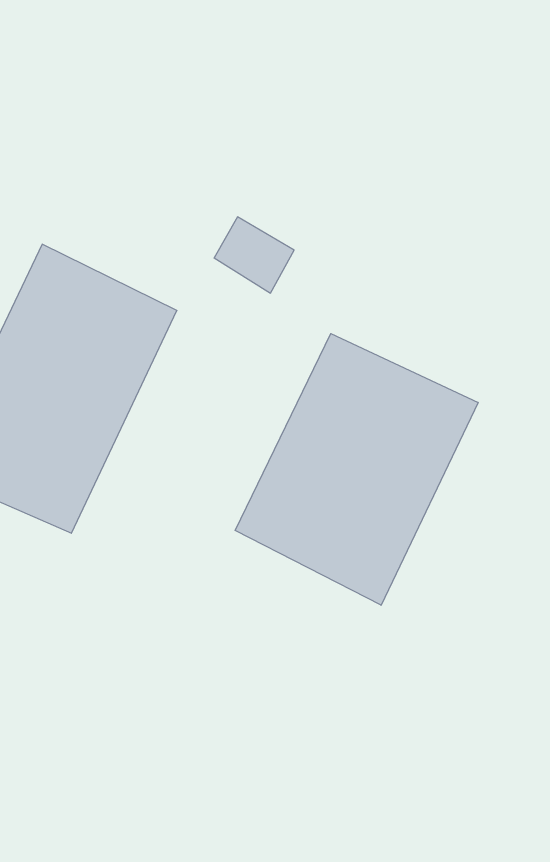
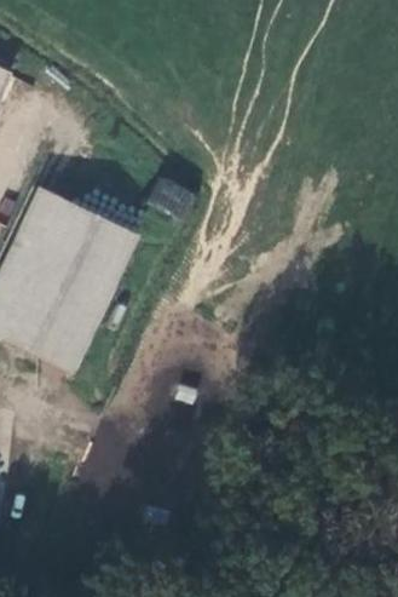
building: [235,334,478,605] -> none

